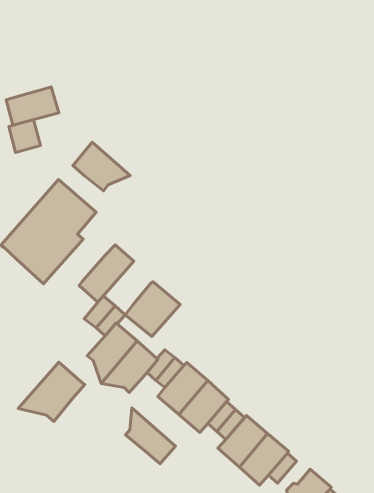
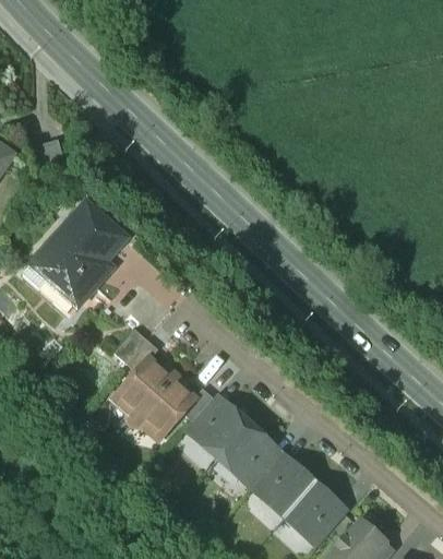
building: [6,87,59,125] -> none
building: [73,142,130,191] -> none
building: [79,245,134,302] -> none
building: [125,282,180,336] -> none
building: [18,362,85,422] -> none
building: [125,408,176,464] -> none

